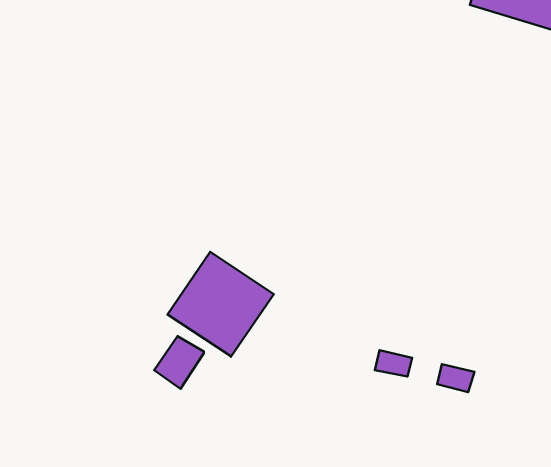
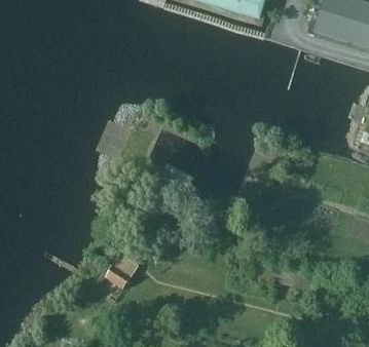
building: [168,252,274,357] -> none

